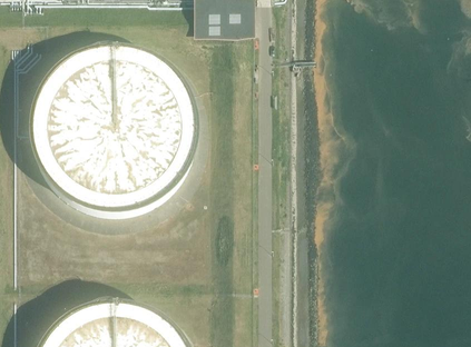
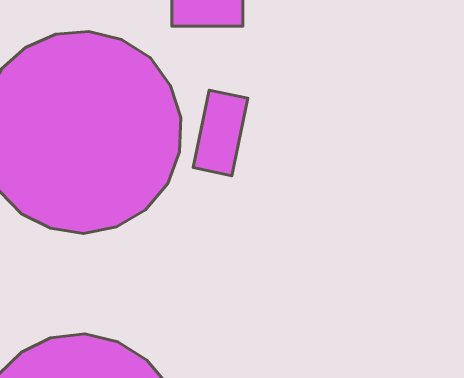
building: none -> [193,90,248,176]

